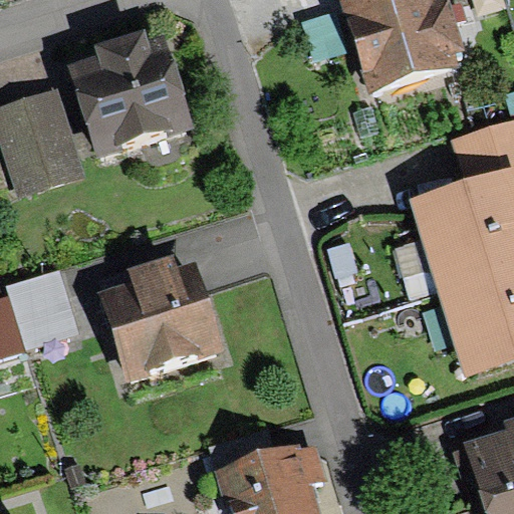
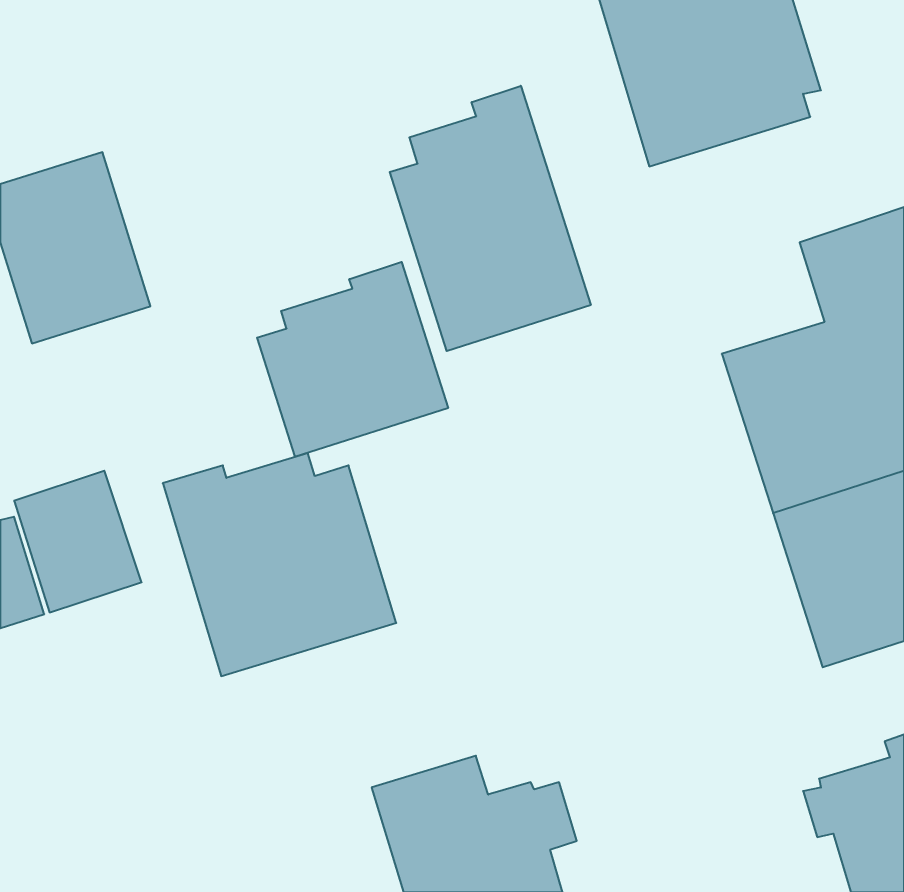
building: [67,32,195,161] -> none
building: none -> [390,86,591,351]
building: none -> [257,262,448,457]

